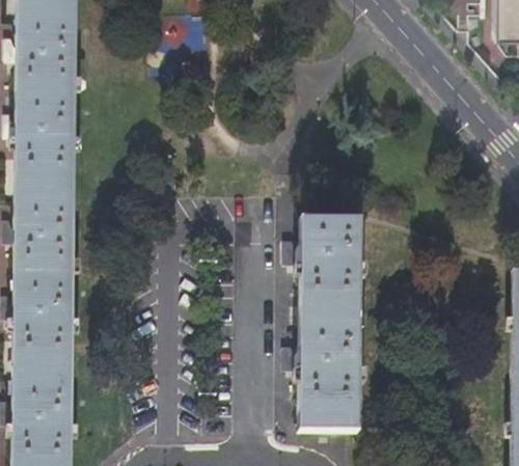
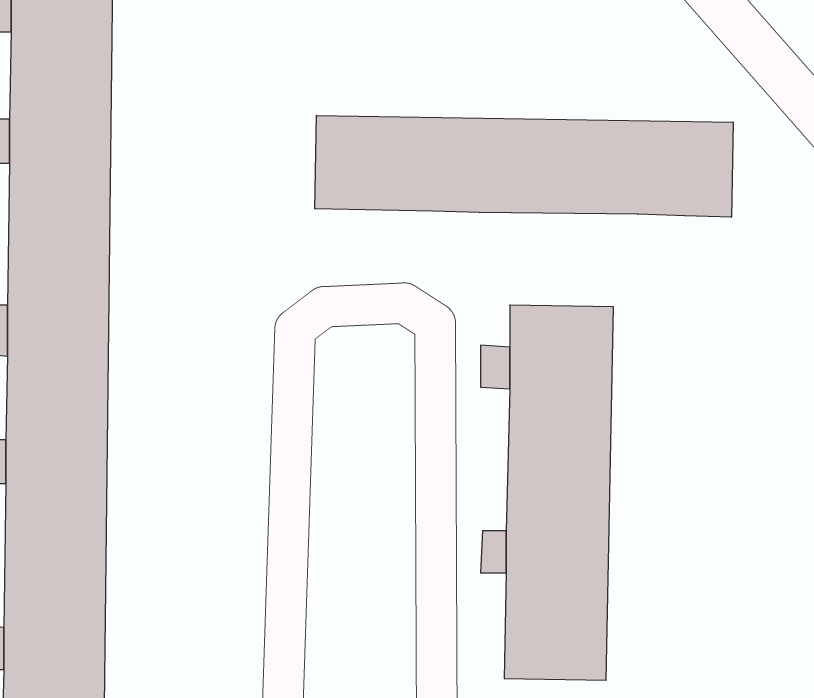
building: none -> [315,115,733,217]

